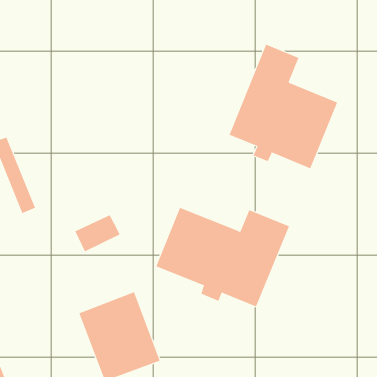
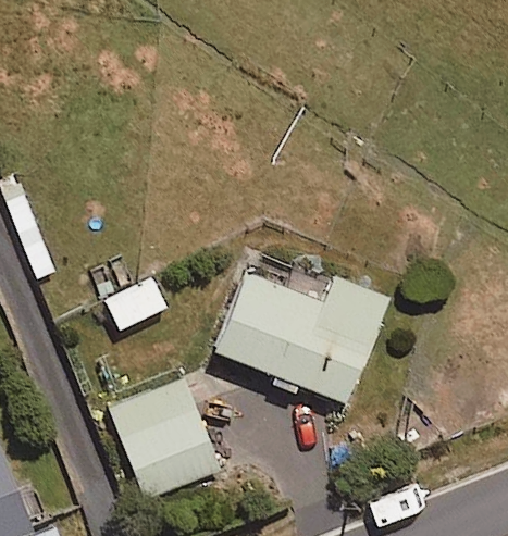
building: [229,44,338,169] -> none

